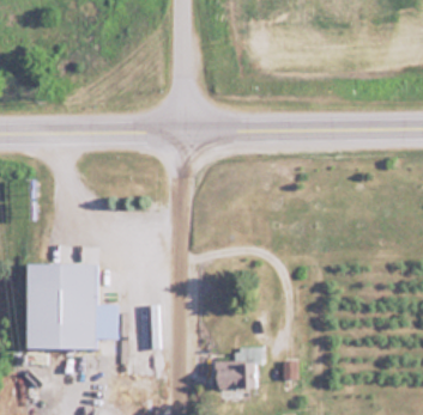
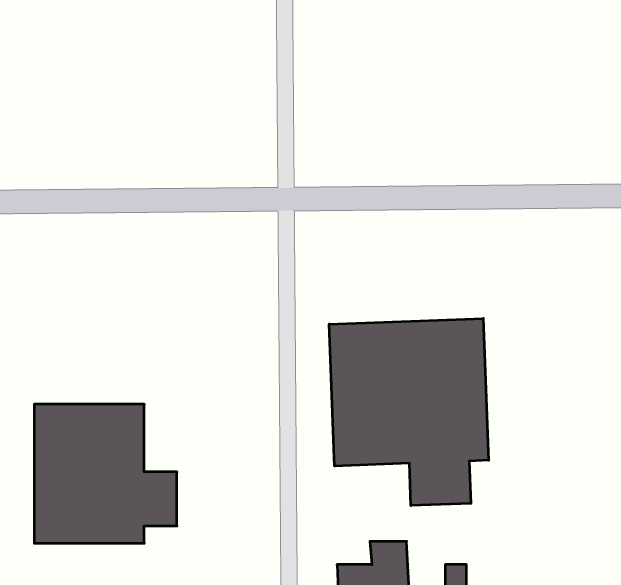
building: none -> [329,318,489,506]

